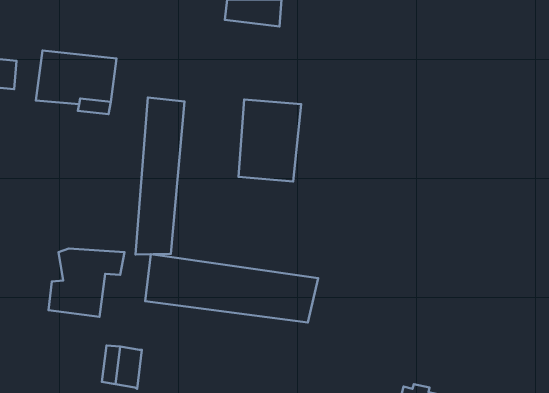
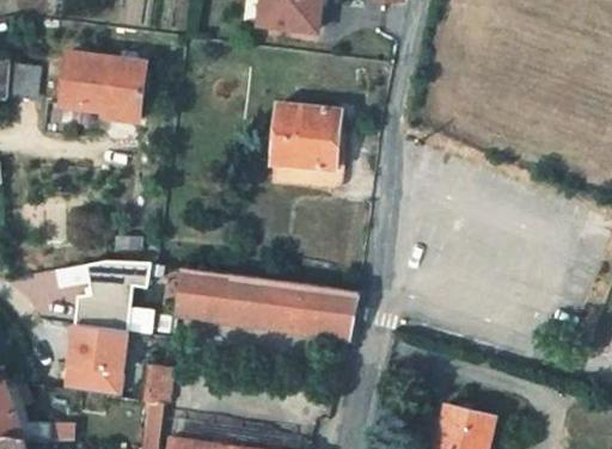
building: [135,98,184,255] -> none
building: none -> [66,326,127,400]

